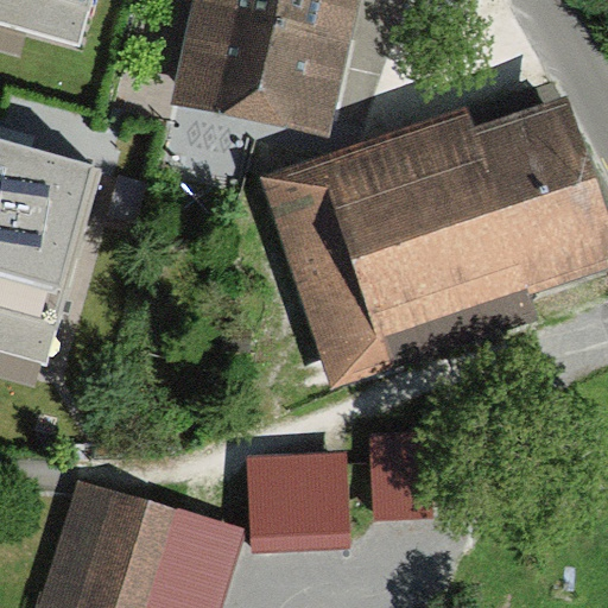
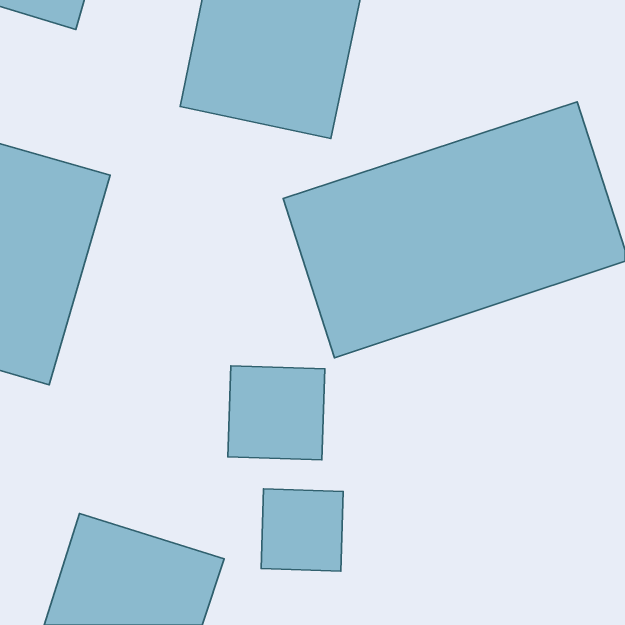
building: none -> [228,366,325,460]

